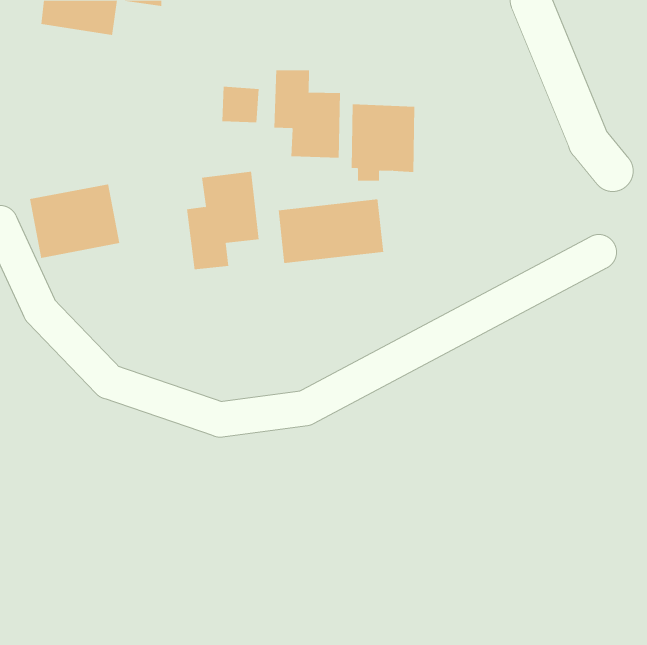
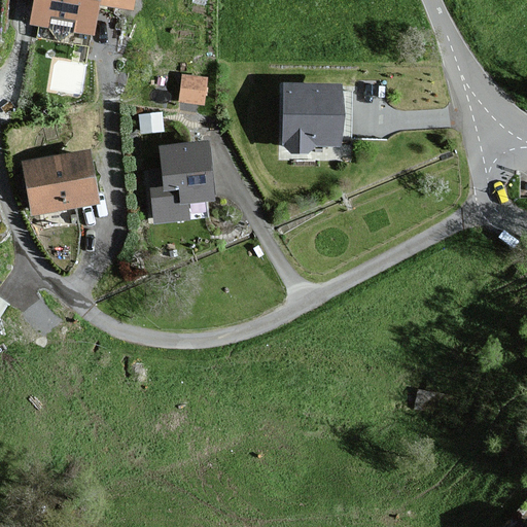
building: [274,69,340,159] -> none
building: [278,199,384,264] -> none

